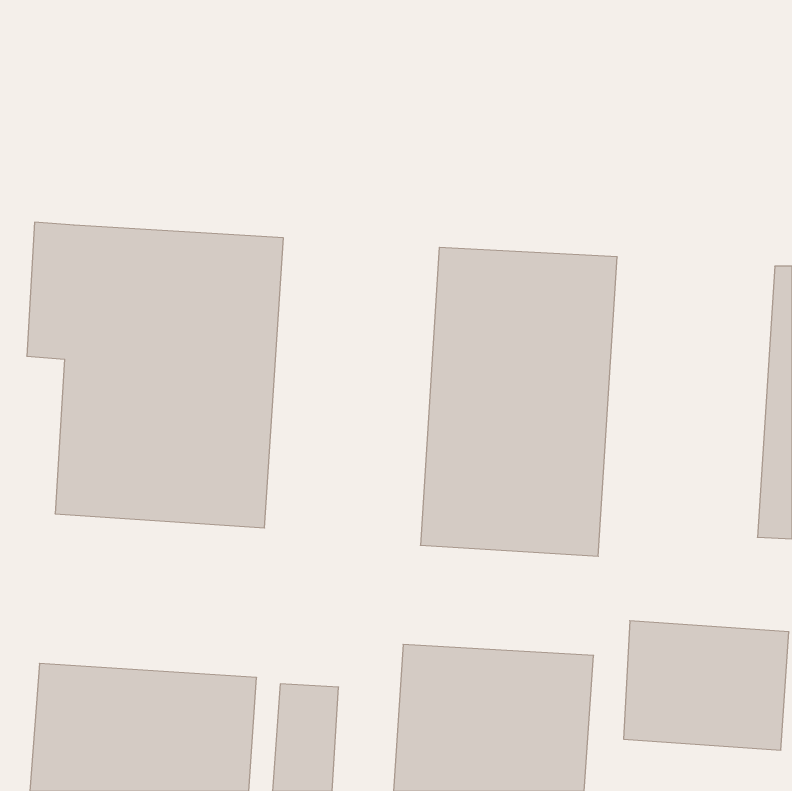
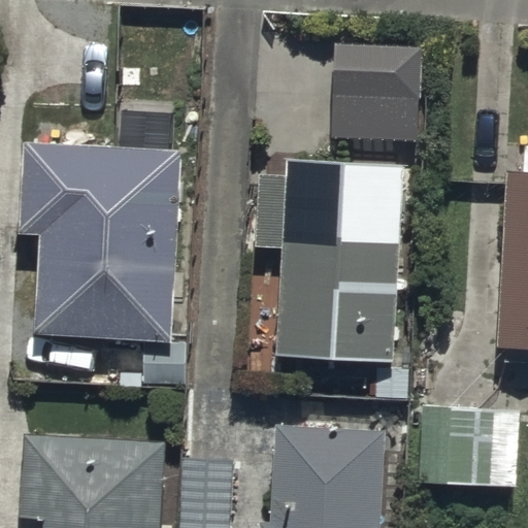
building: none -> [331,30,419,140]

